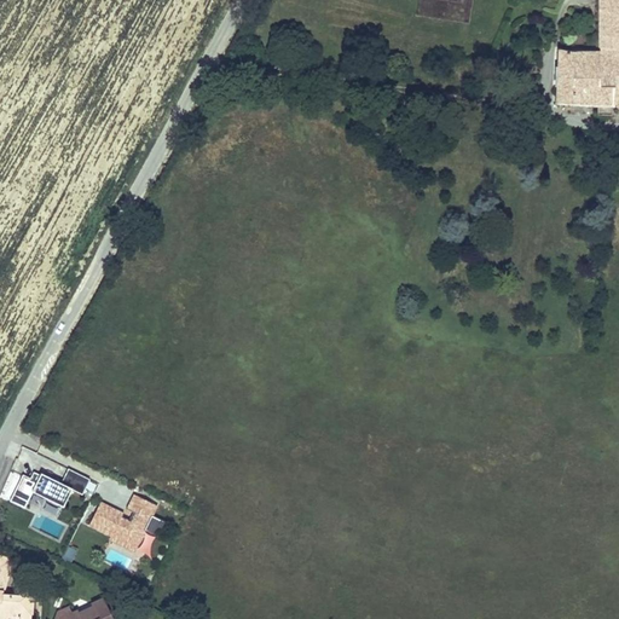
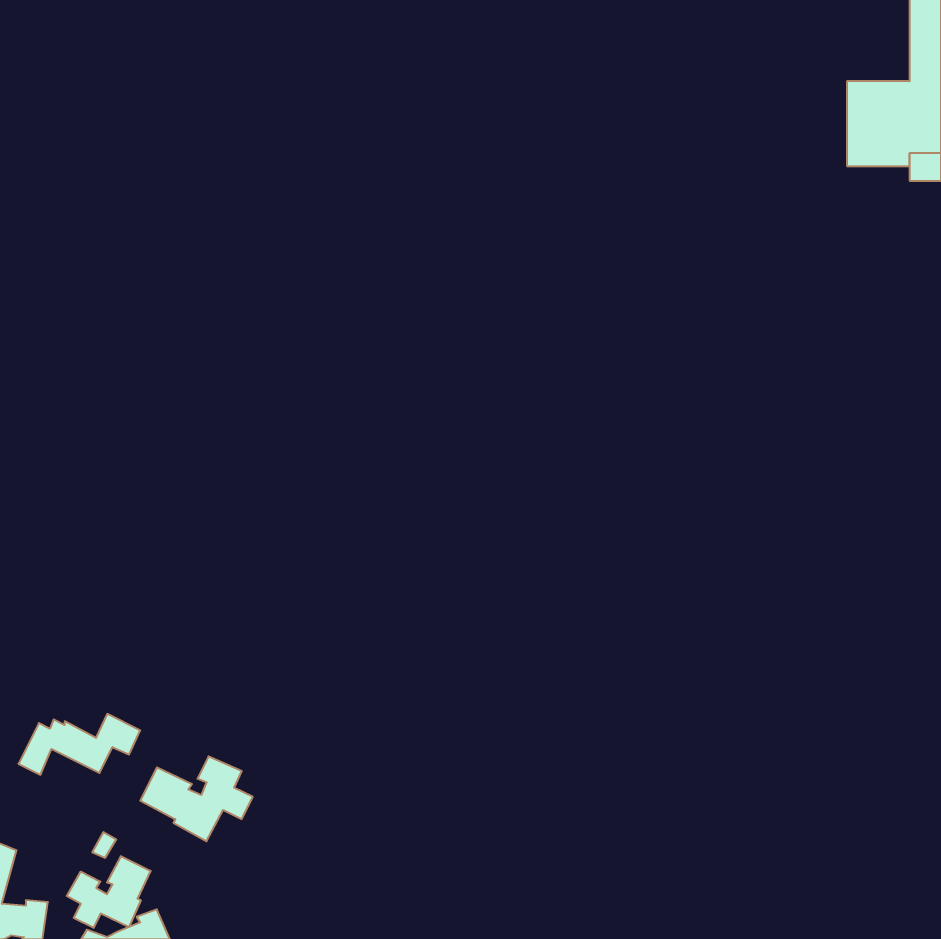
building: none -> [67,856,151,928]

